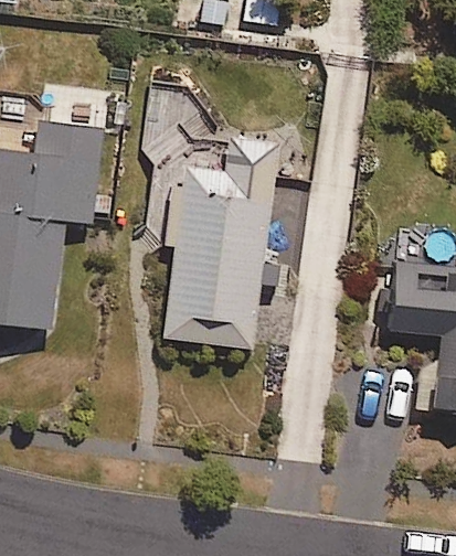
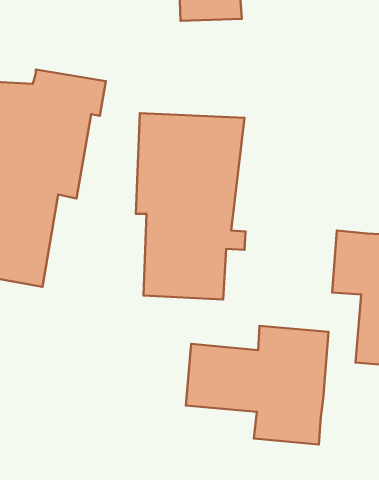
building: none -> [186,326,329,445]

